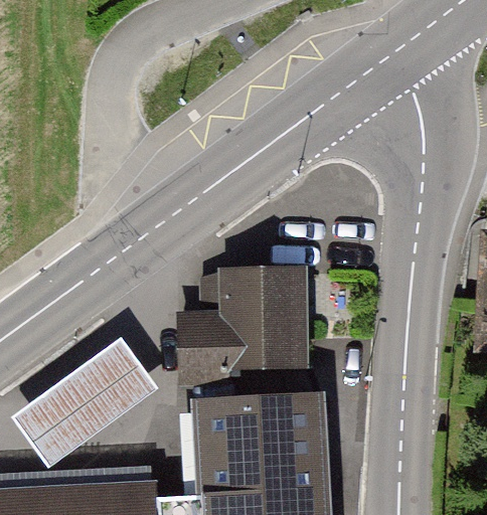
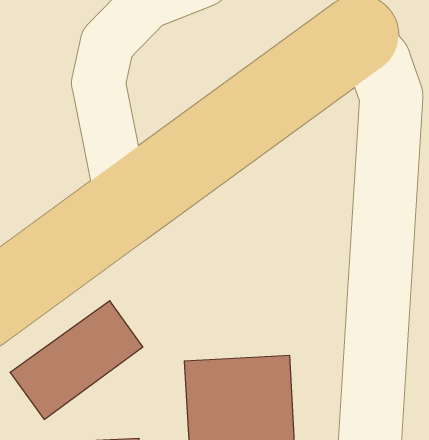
building: [179,269,302,375] -> none

